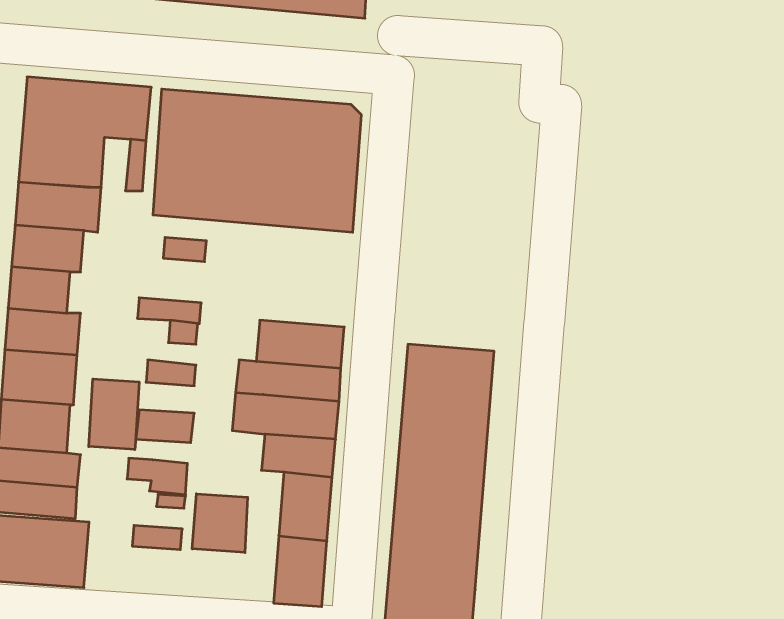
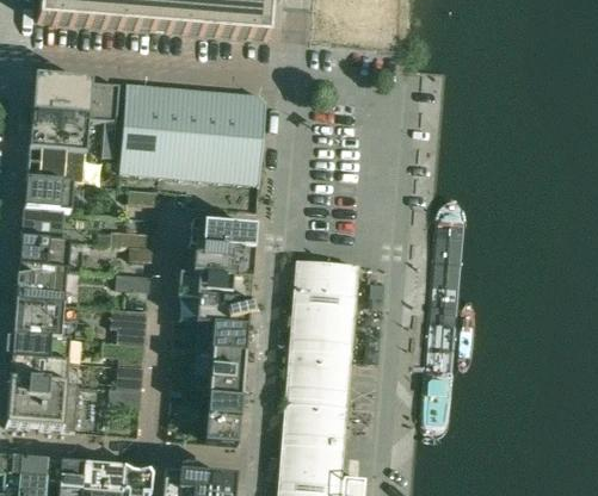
building: none -> [189,222,255,250]
building: [89,379,139,450] -> none
building: [192,494,248,553] -> none

